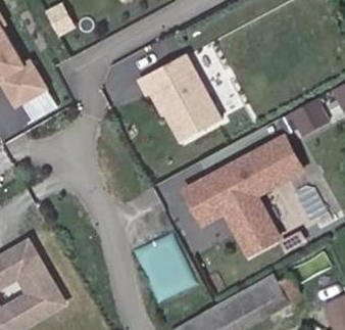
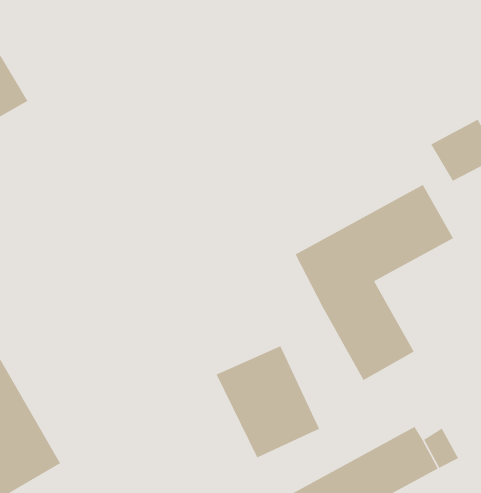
building: [134,53,215,141] -> none
building: [178,178,217,222] -> none

